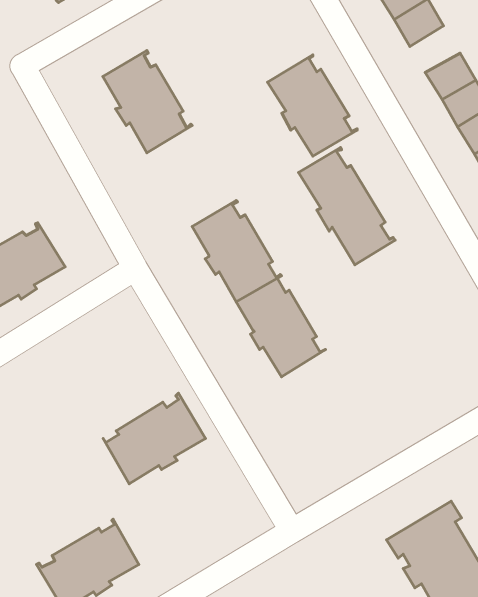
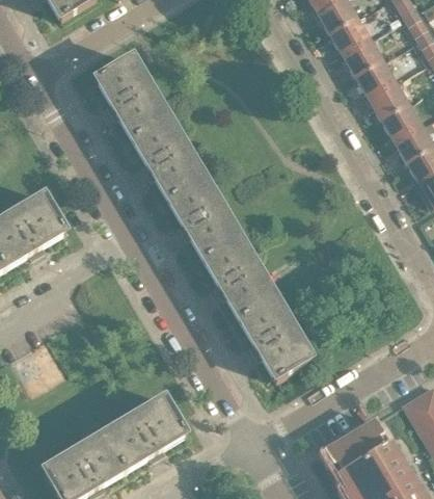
building: none -> [342,36,382,74]
building: [268,55,357,156] -> [131,116,202,198]
building: [299,148,395,265] -> none
building: none -> [239,296,310,378]
building: [103,393,206,484] -> [104,396,186,469]

